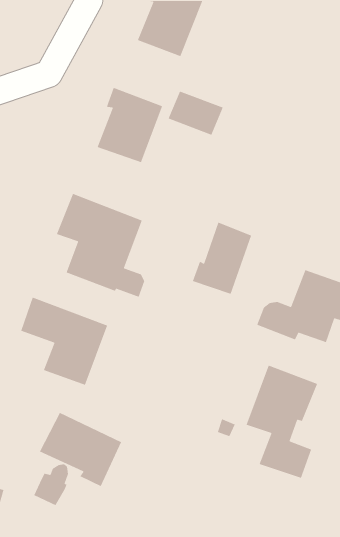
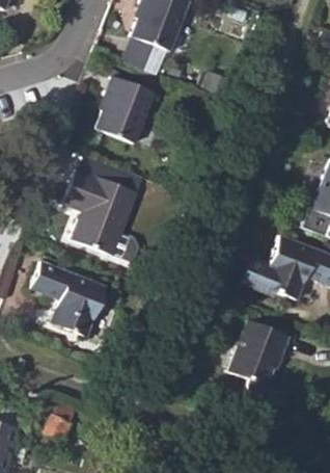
building: [168,90,224,136] -> [122,35,171,75]
building: [192,221,252,295] -> none
building: [39,412,122,487] -> none

